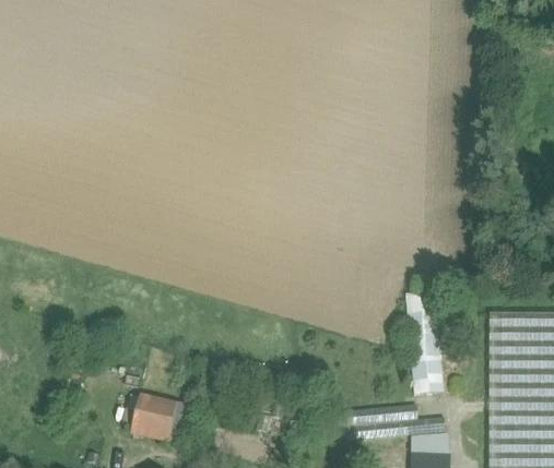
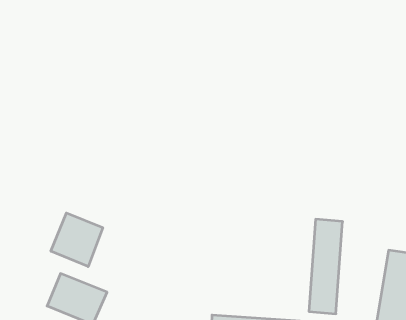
building: none -> [51,213,103,267]

